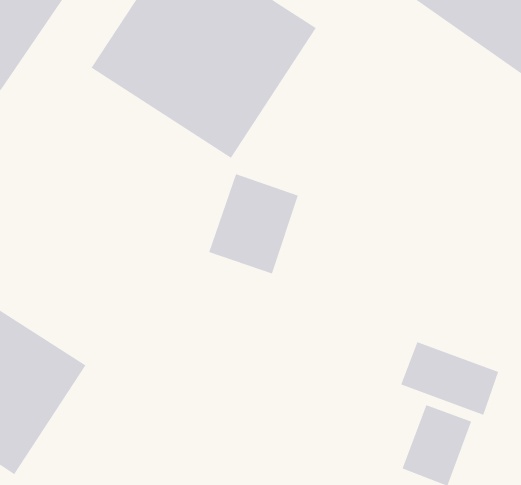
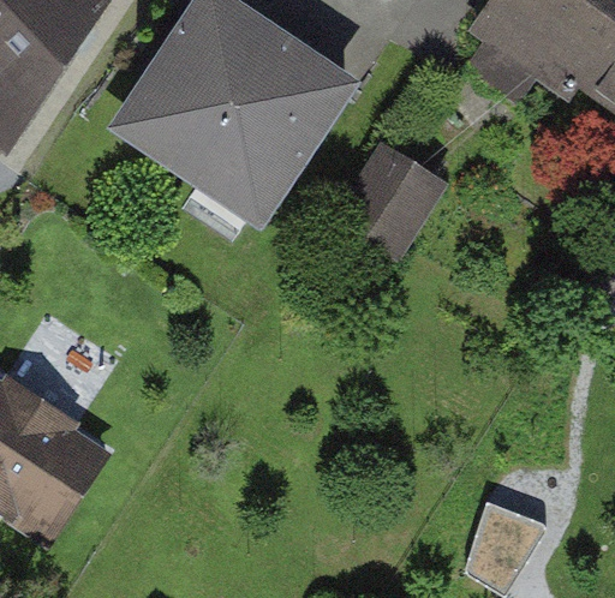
building: [208,173,299,275] -> [340,148,443,263]
building: [400,341,499,416] -> none

